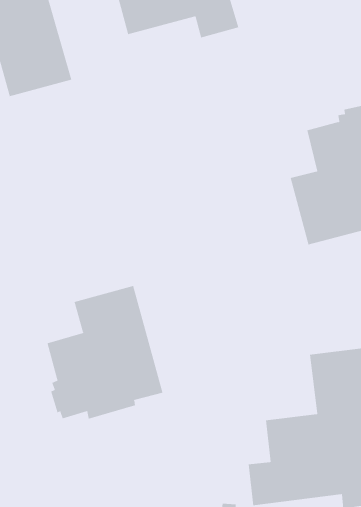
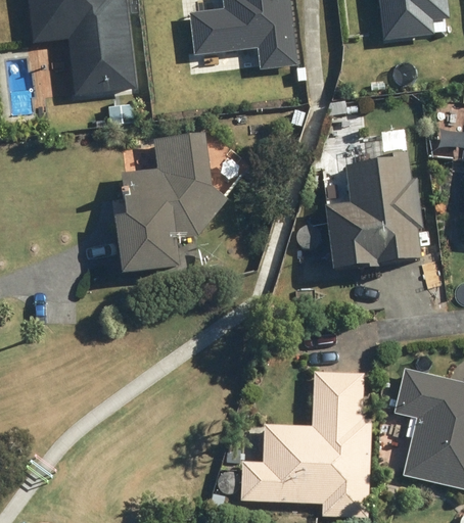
building: none -> [112,134,226,277]
building: [47,285,163,420] -> none

